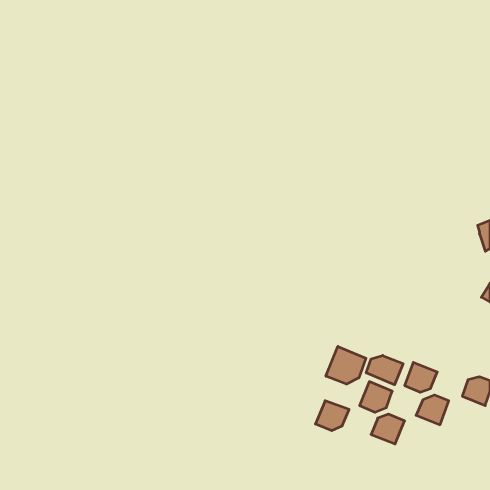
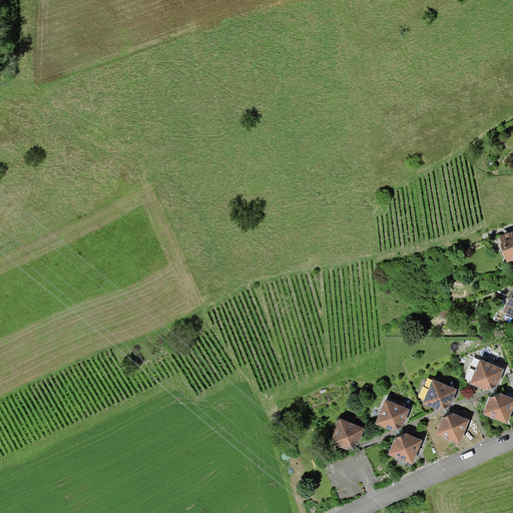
building: none -> [470,359,505,391]
building: [326,346,366,384] -> none
building: [366,355,403,385] -> none

